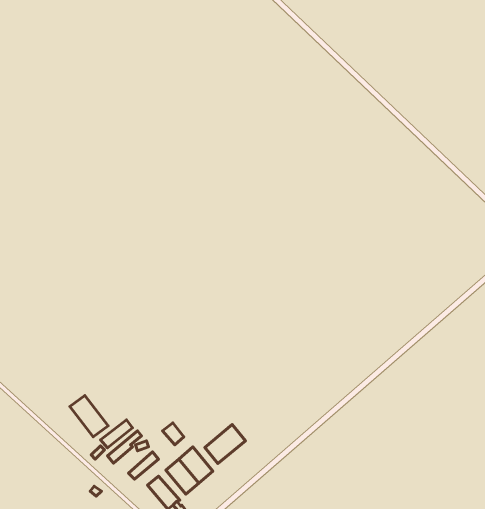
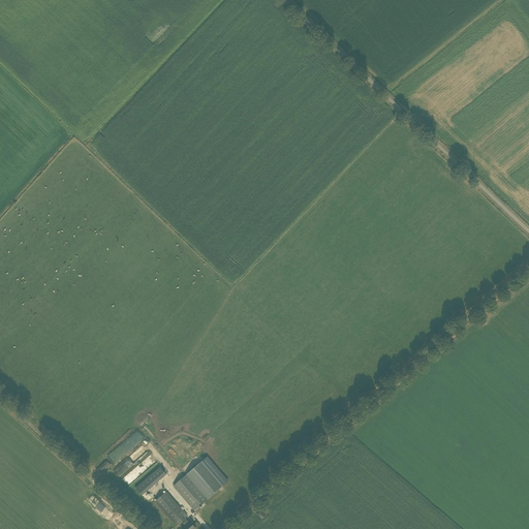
building: [70,395,108,437] -> none
building: [205,425,245,464] -> none

